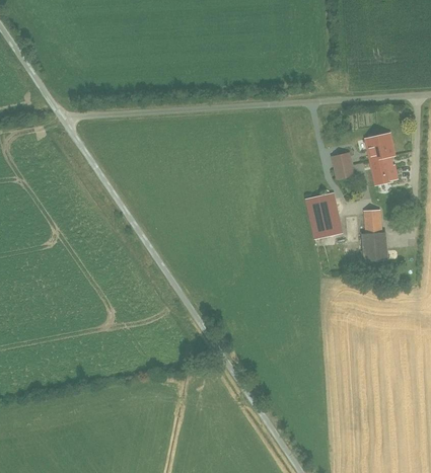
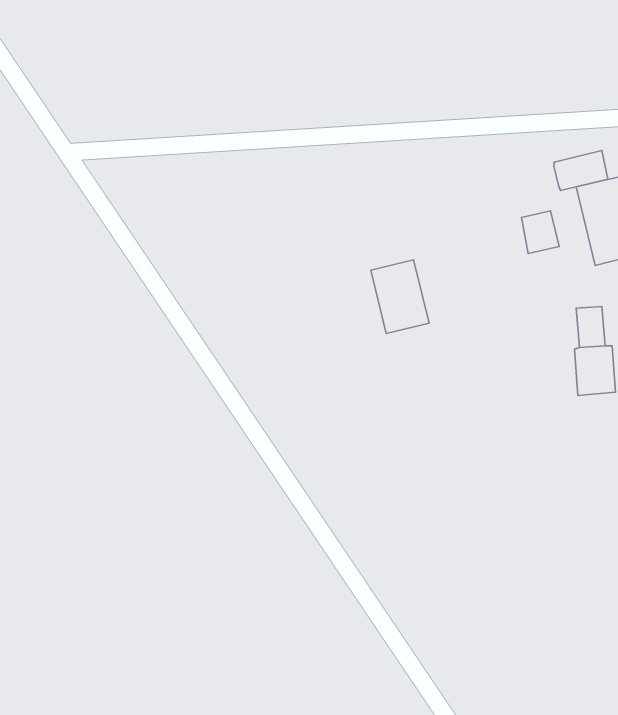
building: none -> [554,151,608,191]
building: [306,192,341,236] -> [371,260,429,334]

